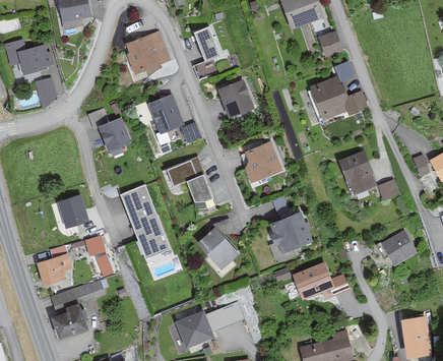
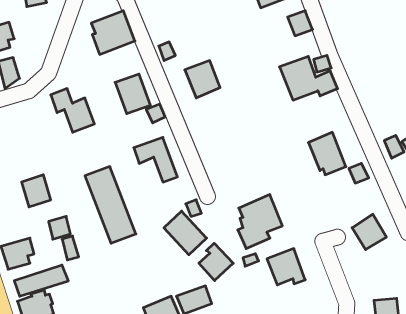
building: [194,26,222,61] -> none
building: [244,141,280,182] -> none
building: none -> [199,243,233,281]

